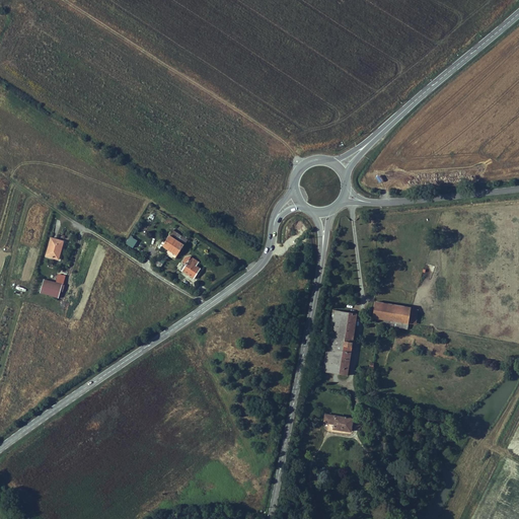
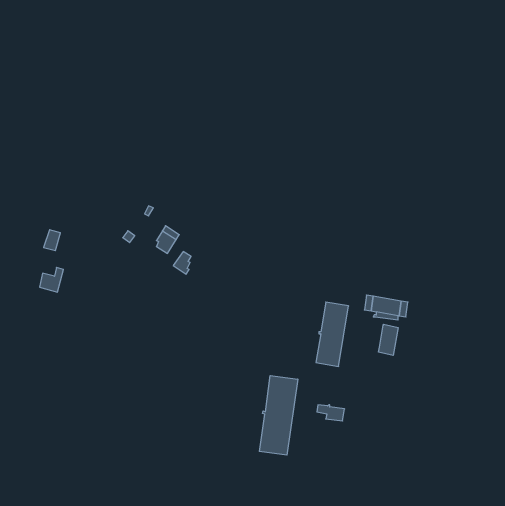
building: none -> [379,324,398,355]
building: none -> [259,376,298,455]

